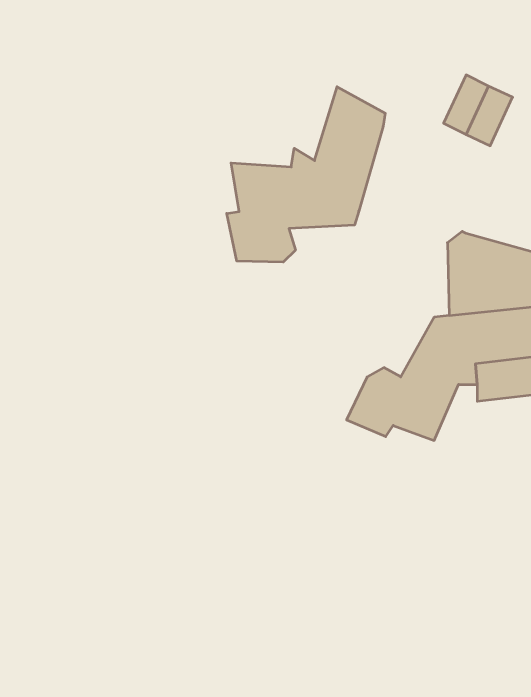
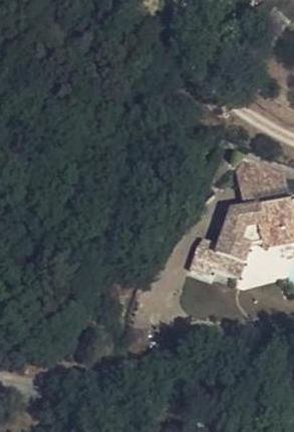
building: [227,87,385,262] -> none

